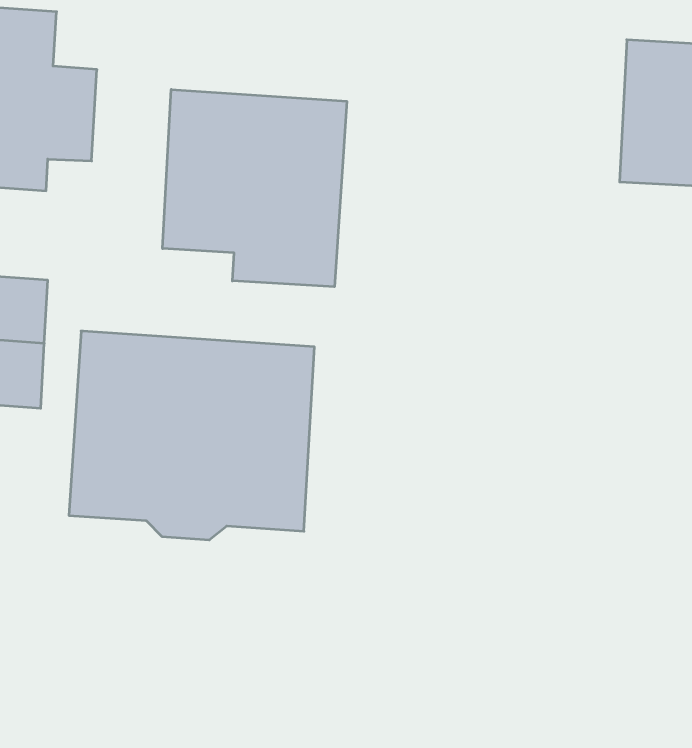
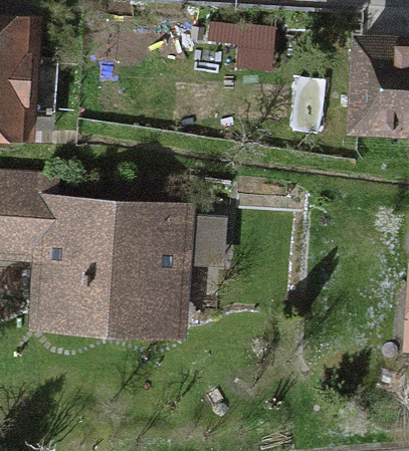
building: [163,89,347,287] -> none

